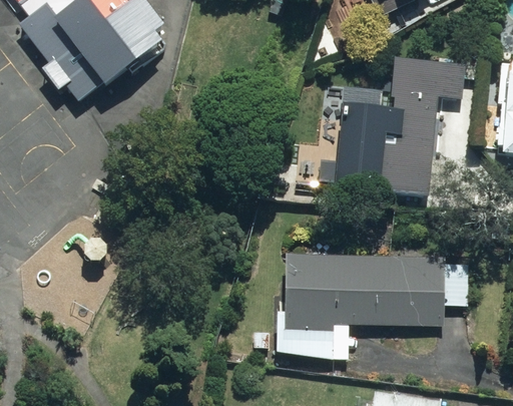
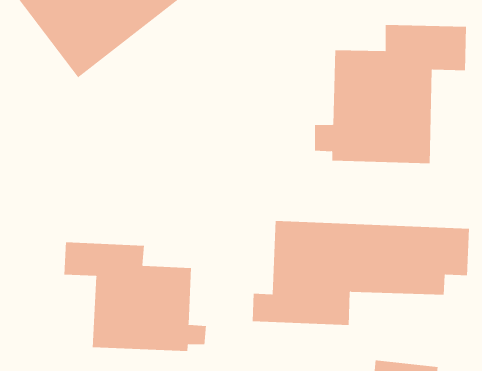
building: none -> [64,242,207,352]

